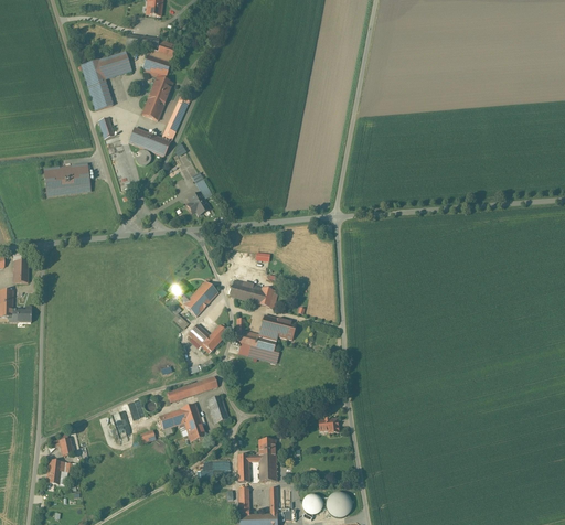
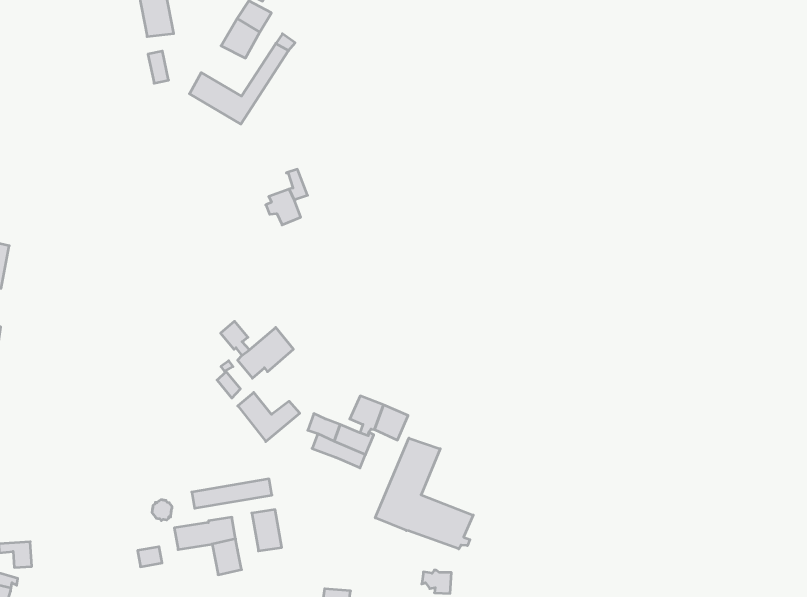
building: [43,165,90,196] -> none
building: [234,282,277,309] -> none
building: none -> [375,438,473,549]

